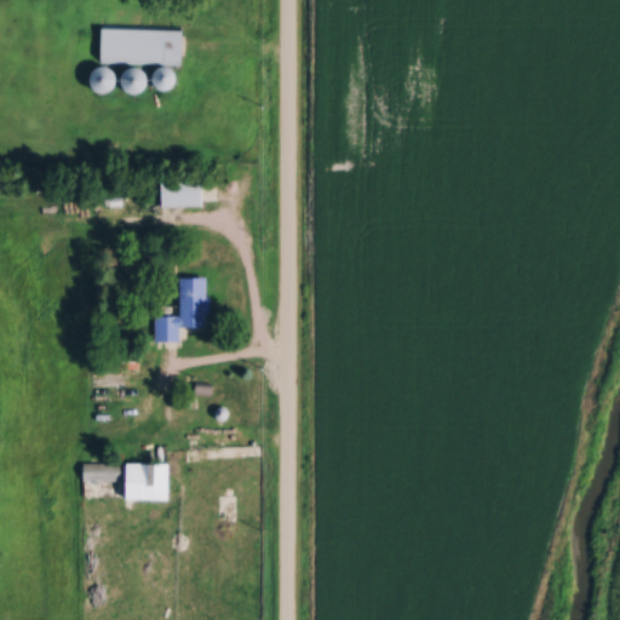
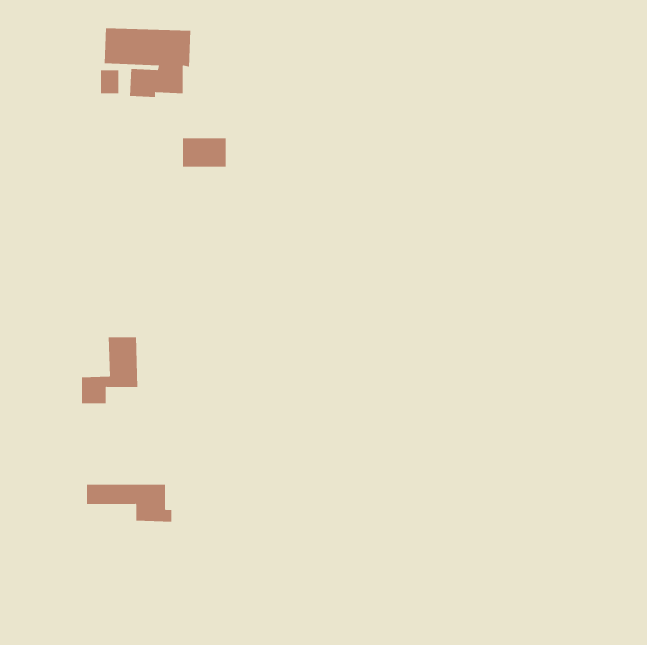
building: [161,179,203,207] -> [182,138,226,167]
building: [155,277,209,341] -> [81,337,138,404]

